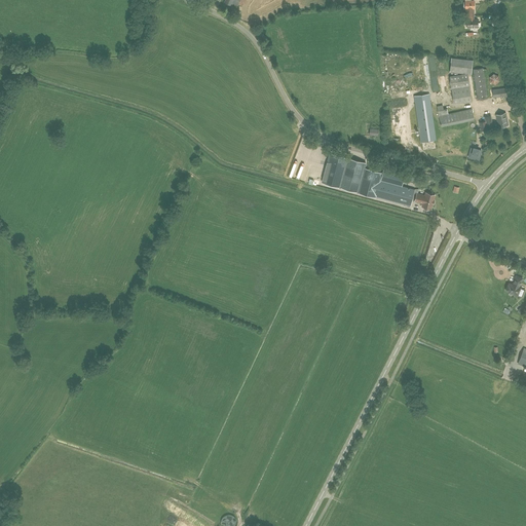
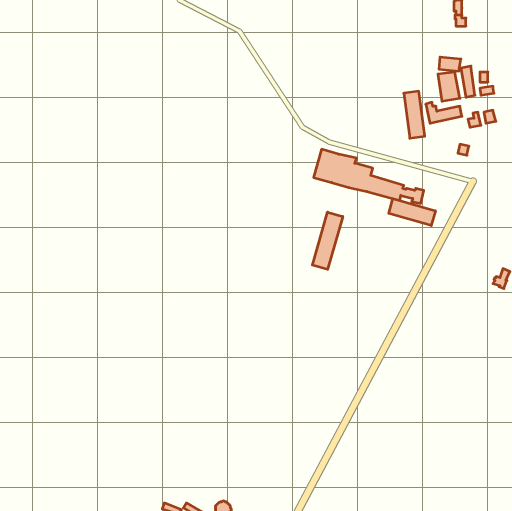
building: none -> [389,199,435,226]
building: none -> [312,212,343,269]

